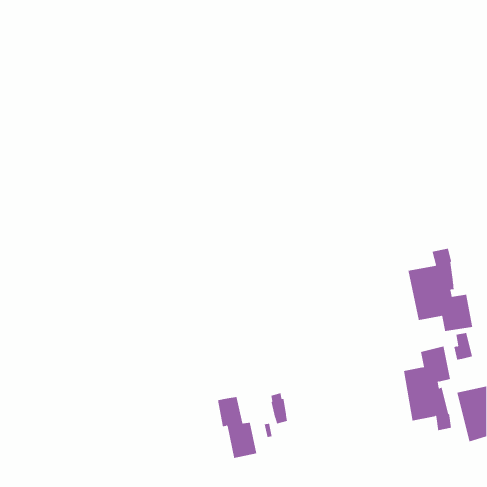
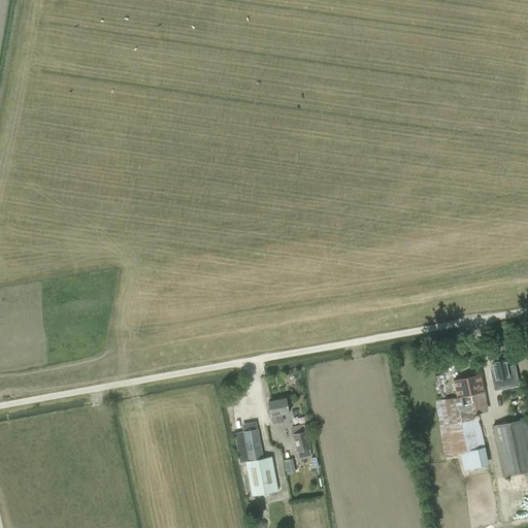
building: [408,248,473,332] -> none
building: none -> [268,398,290,425]

